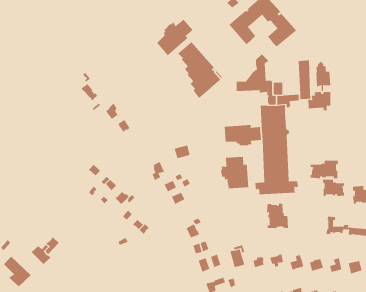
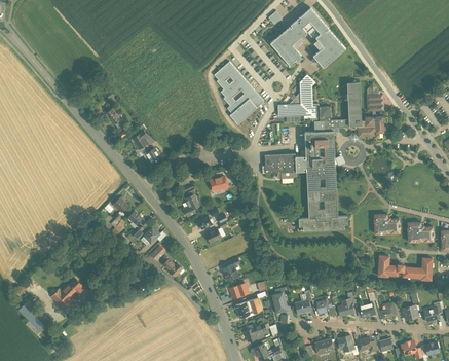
building: [156,19,194,56] -> none
building: [220,156,249,189] -> none
building: [310,160,339,179] -> none
building: [267,203,288,229] -> none

